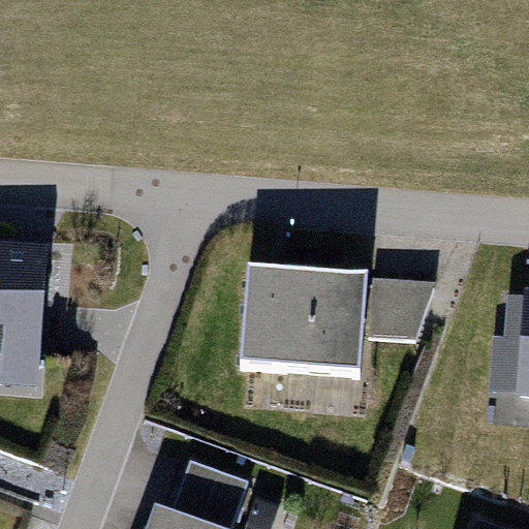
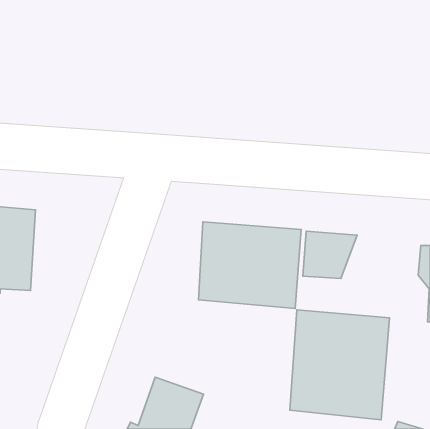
building: none -> [290,310,390,420]

